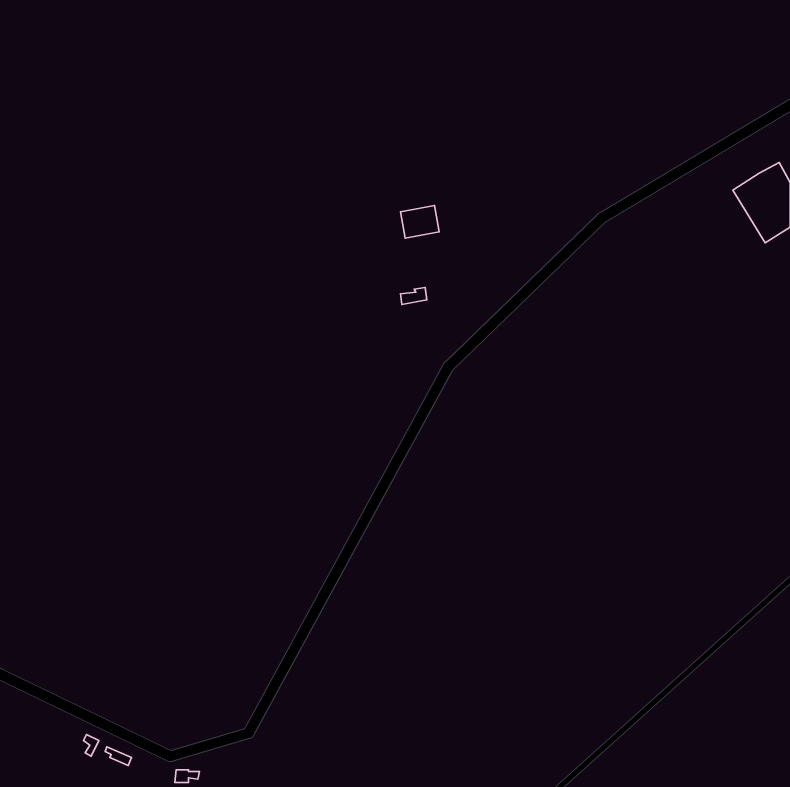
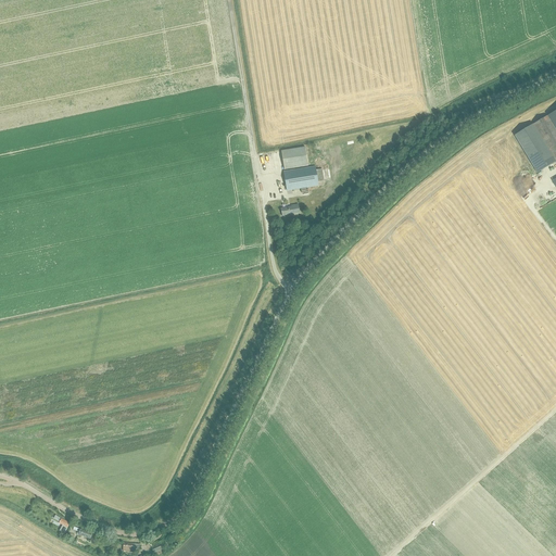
building: none -> [283,164,324,189]

